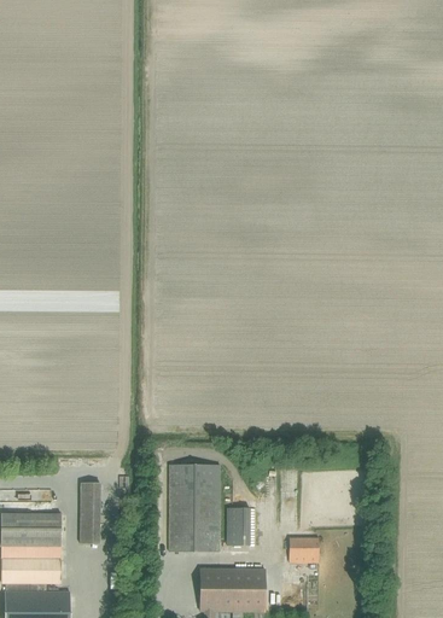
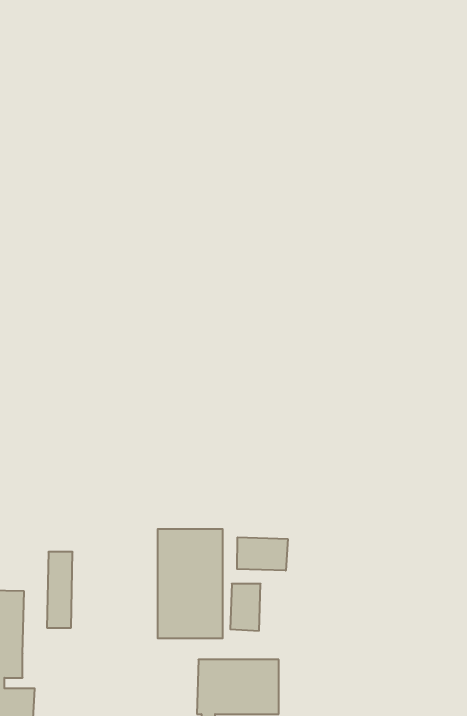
building: none -> [237,537,288,571]
building: [287,537,317,562] -> none

